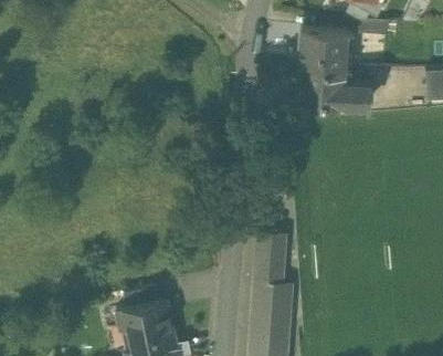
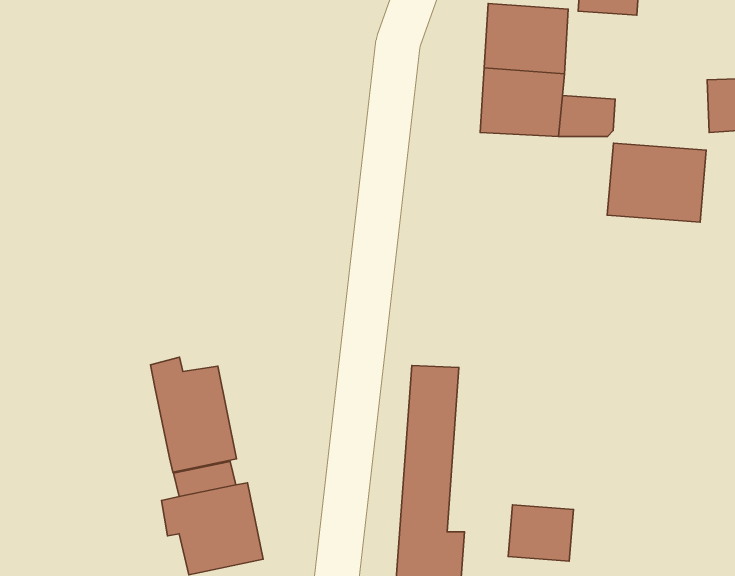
building: none -> [607,143,706,222]
building: none -> [150,357,237,472]
building: none -> [508,505,573,561]

